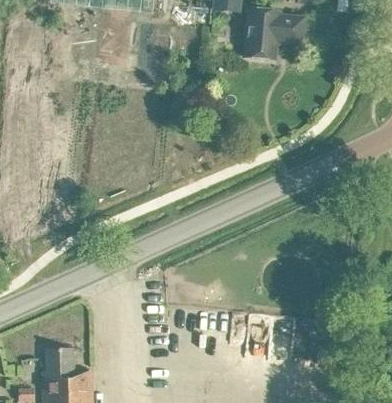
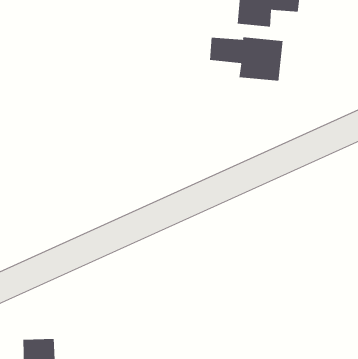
building: none -> [209,37,283,82]

